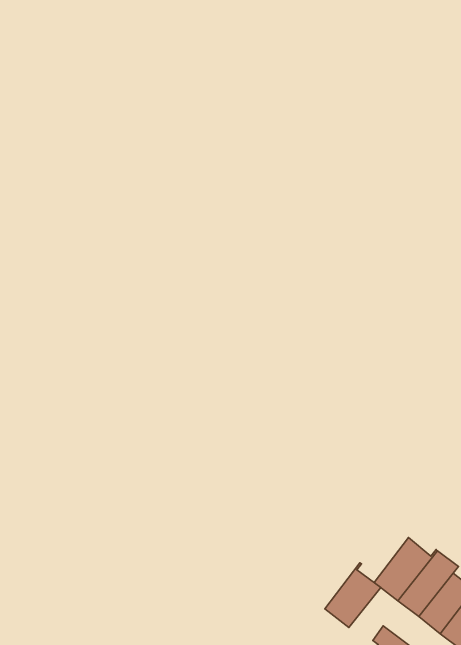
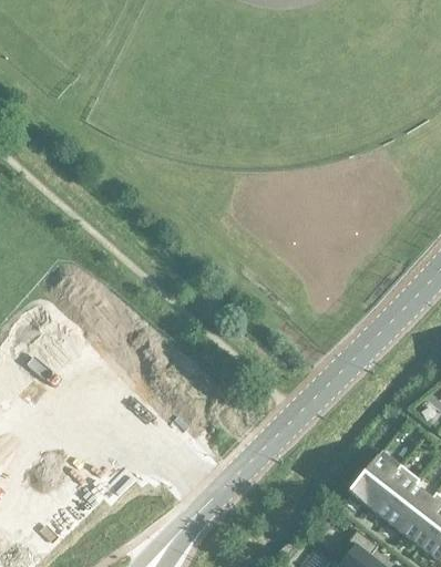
building: [325,563,381,628] -> none

